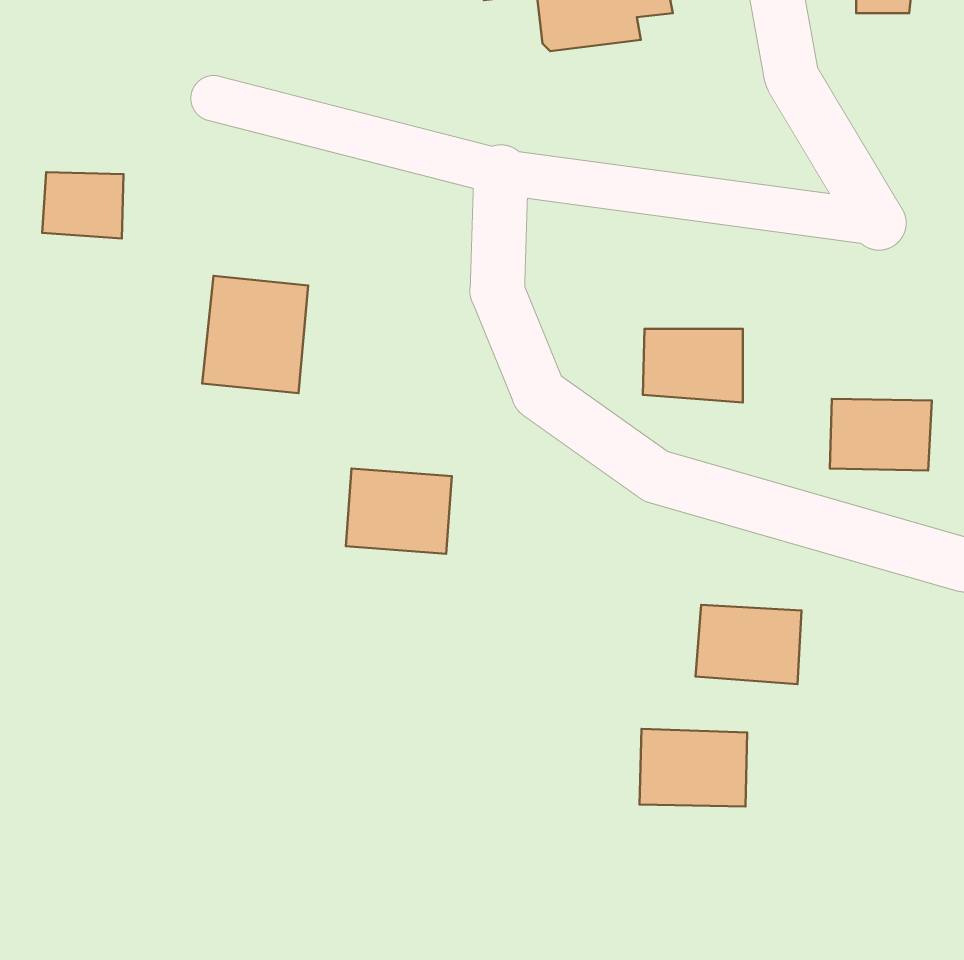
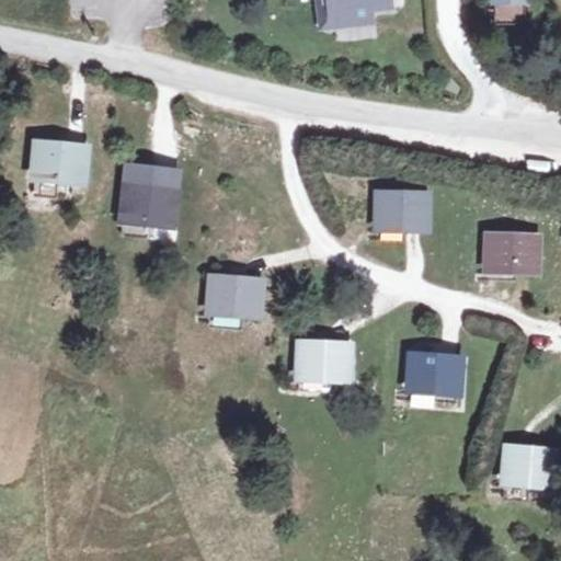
building: [42,172,124,238] -> [34,145,81,183]
building: [640,729,747,806] -> [294,339,356,383]
building: none -> [507,458,554,491]

